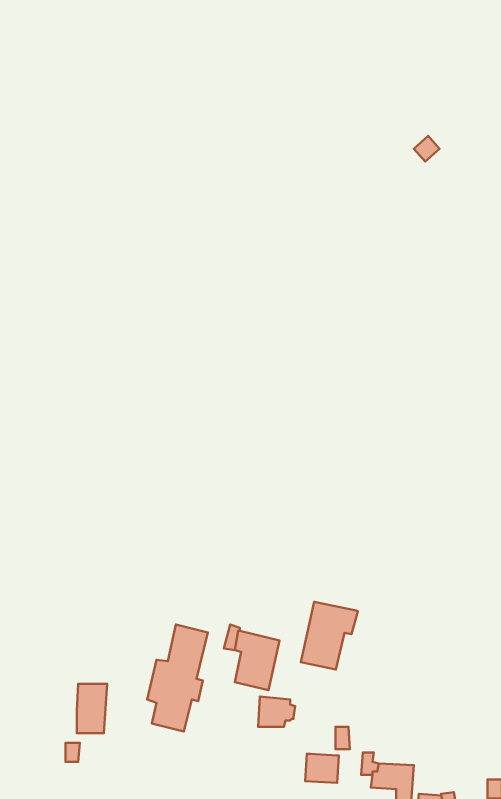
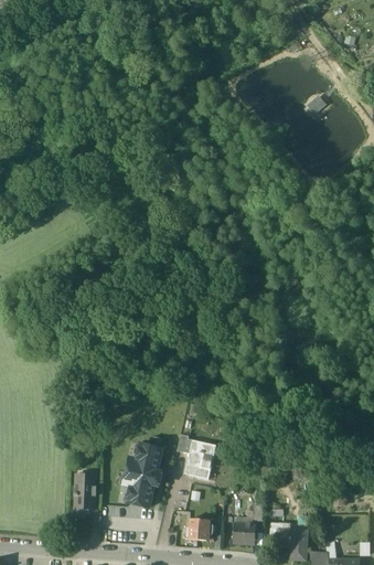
building: [301,602,358,669] -> none
building: [258,696,295,727] -> [188,518,213,539]

